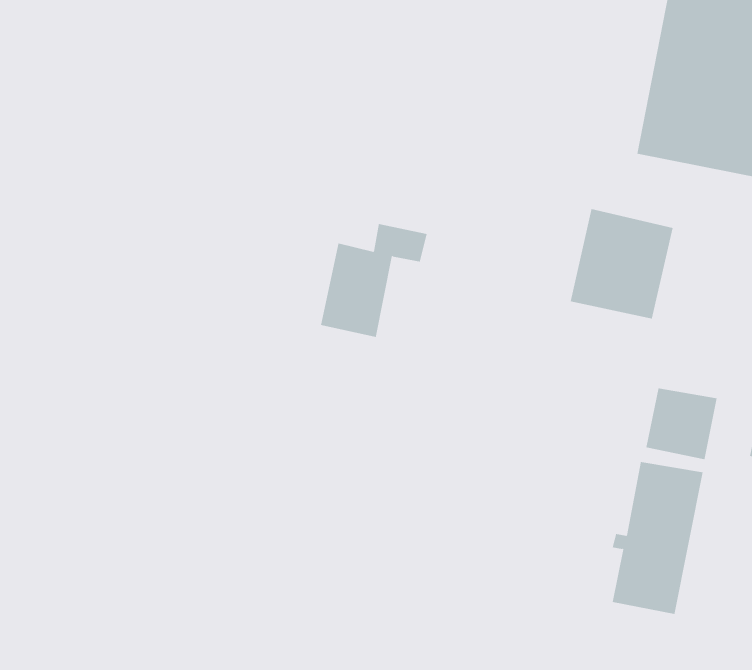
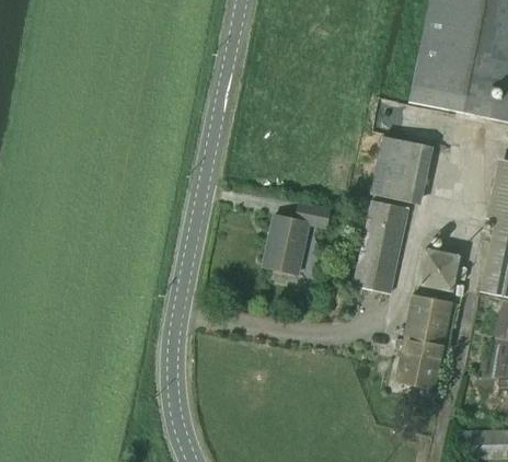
building: [320,223,428,338] -> [264,201,331,273]
building: none -> [354,199,409,292]

